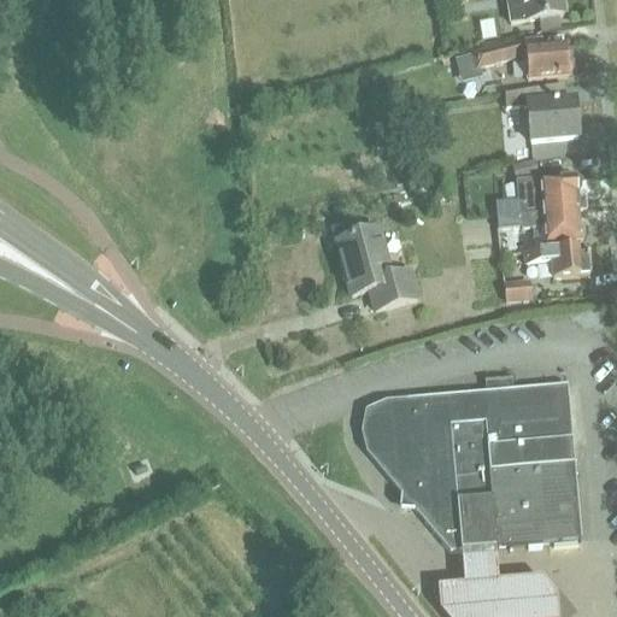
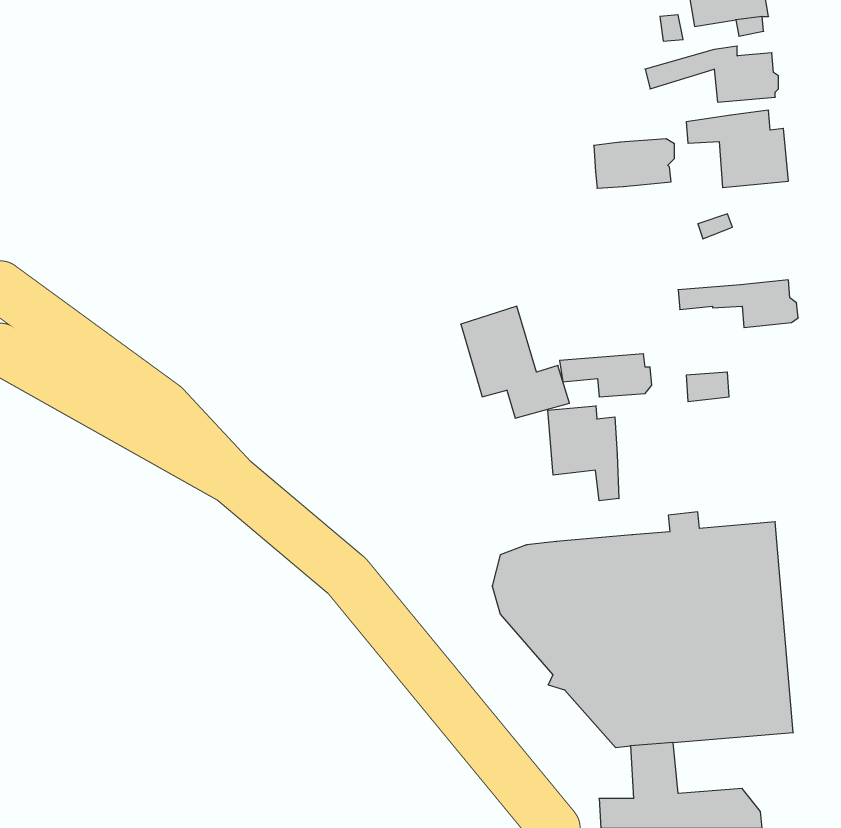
building: [521,174,580,210] -> [594,139,674,188]
building: [523,241,590,272] -> [560,354,652,397]
building: none -> [548,406,619,501]

